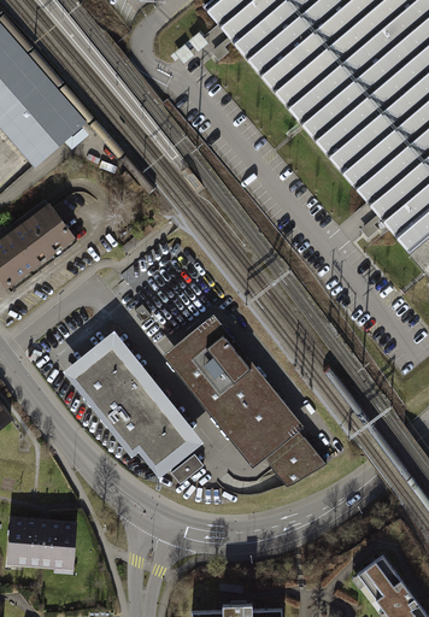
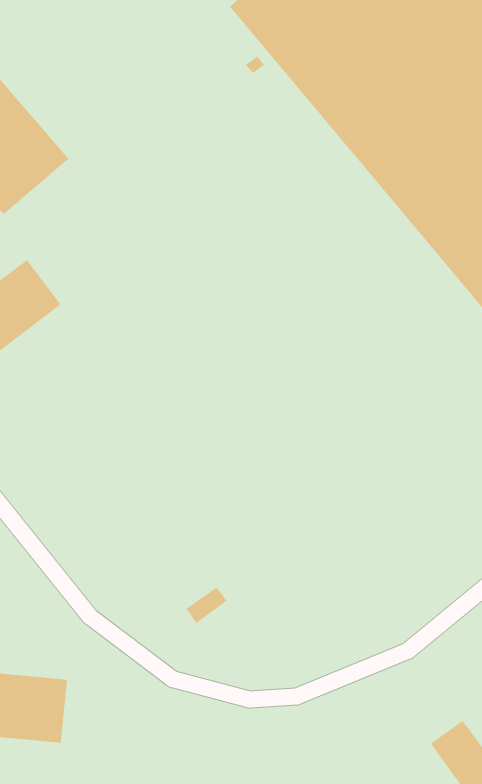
building: [160,311,324,488] -> none
building: [60,328,201,475] -> none

